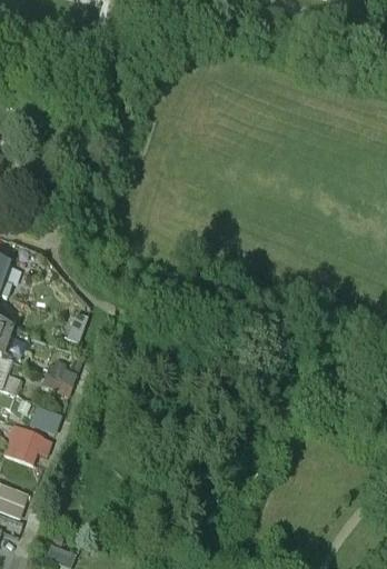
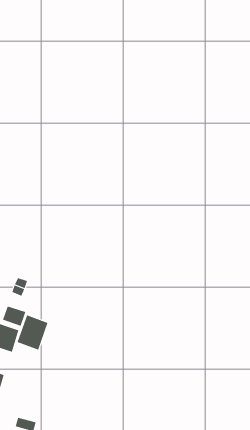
building: none -> [17,314,48,351]

